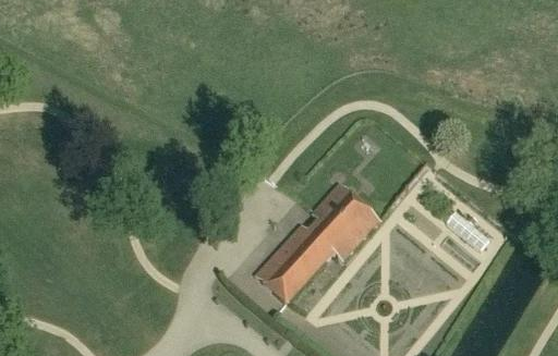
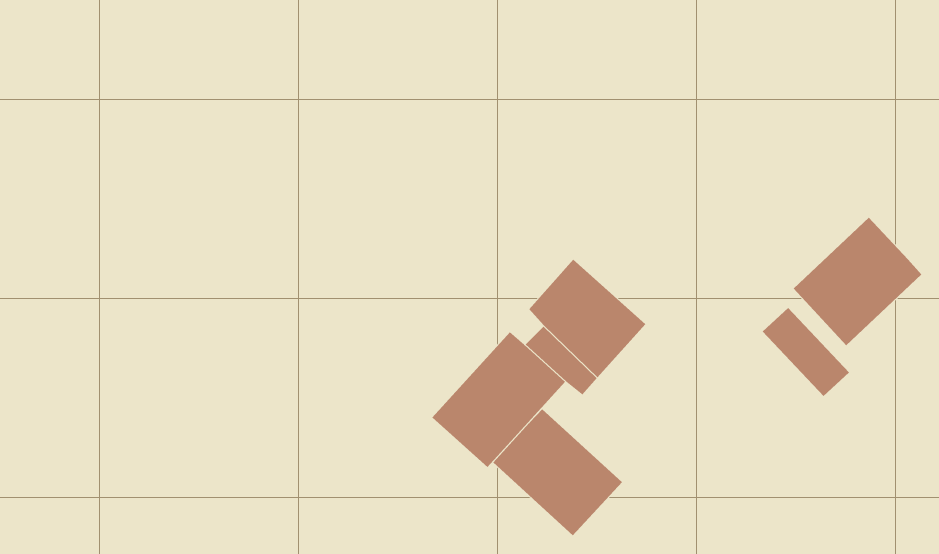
building: none -> [793,217,922,346]
building: none -> [492,409,623,536]

